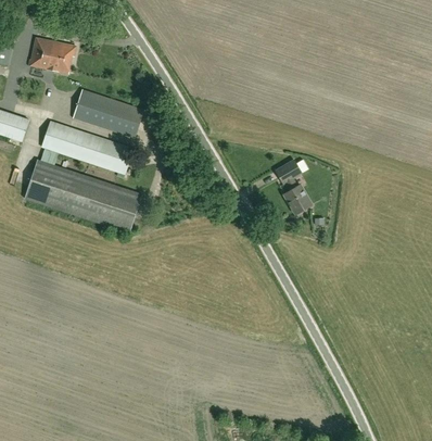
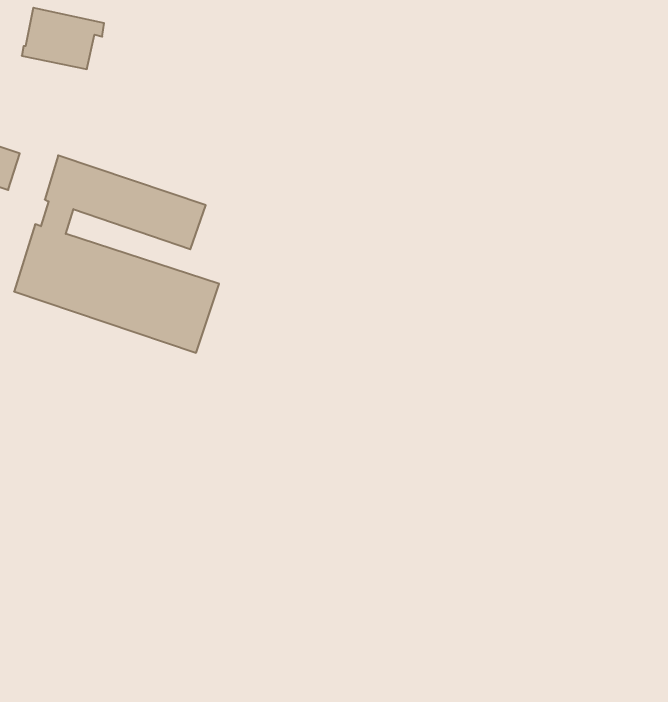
building: [73,89,144,138] -> none
building: [275,159,312,213] -> none

